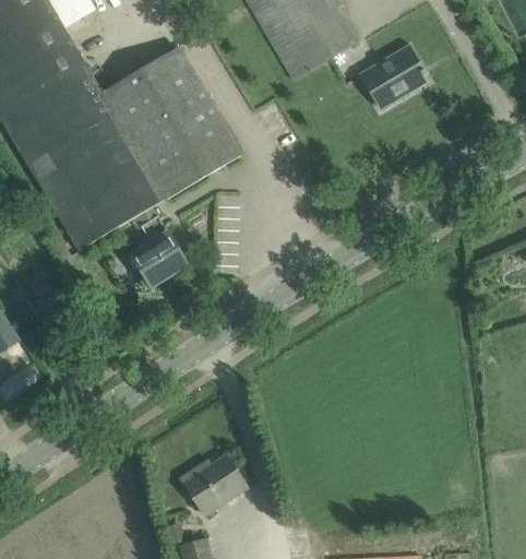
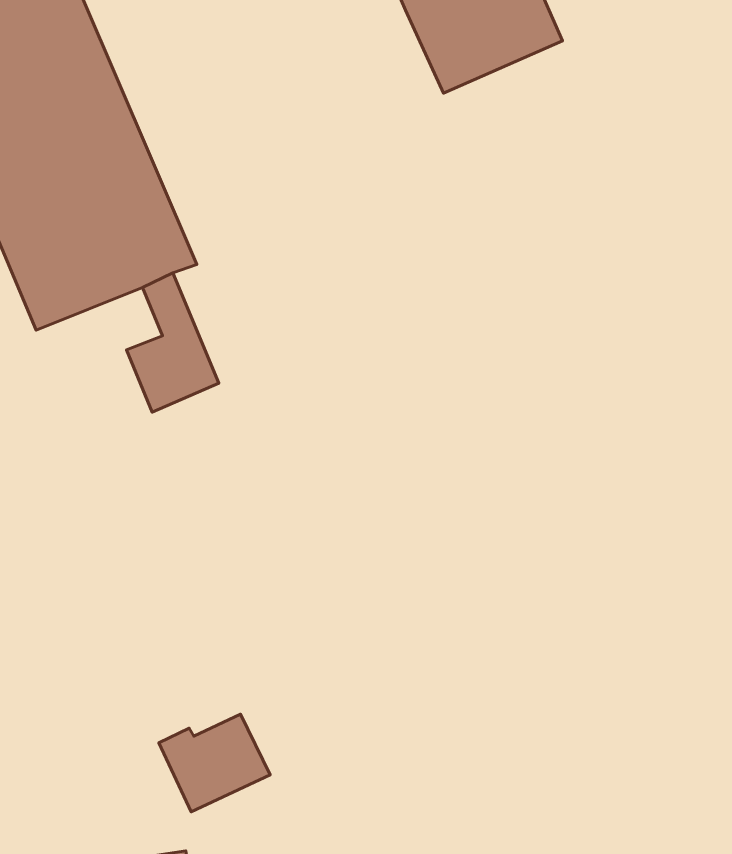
building: [359,43,429,104] -> none
building: [103,47,241,199] -> none

